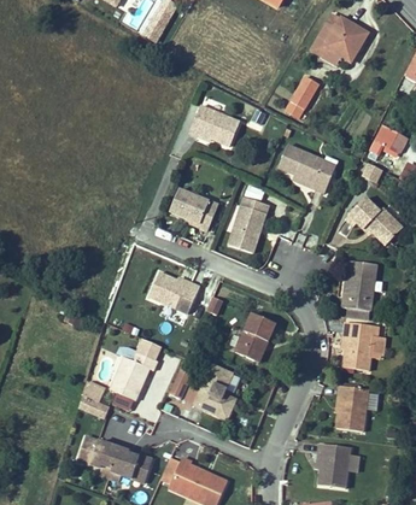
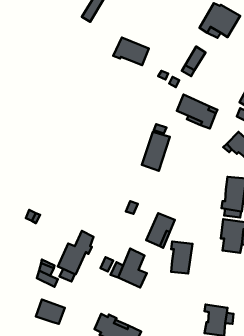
building: [189,106,240,146] -> [113,37,149,65]
building: [170,189,218,230] -> none
building: [150,271,200,313] -> none
building: [339,386,369,431] -> [171,241,192,274]
building: [111,448,153,483] -> none

